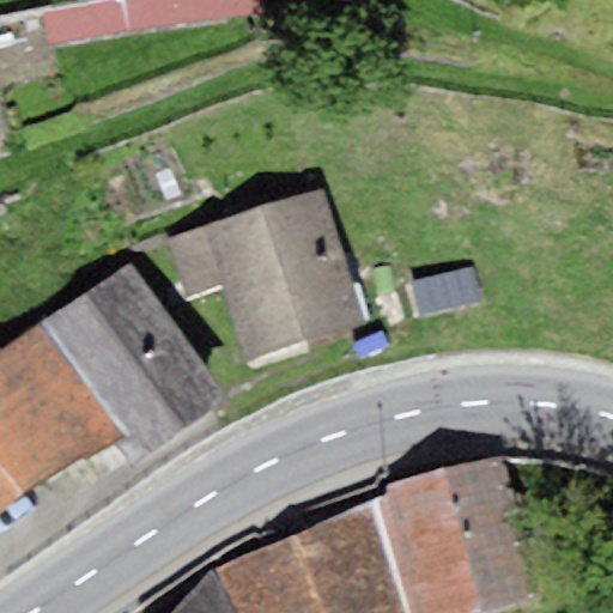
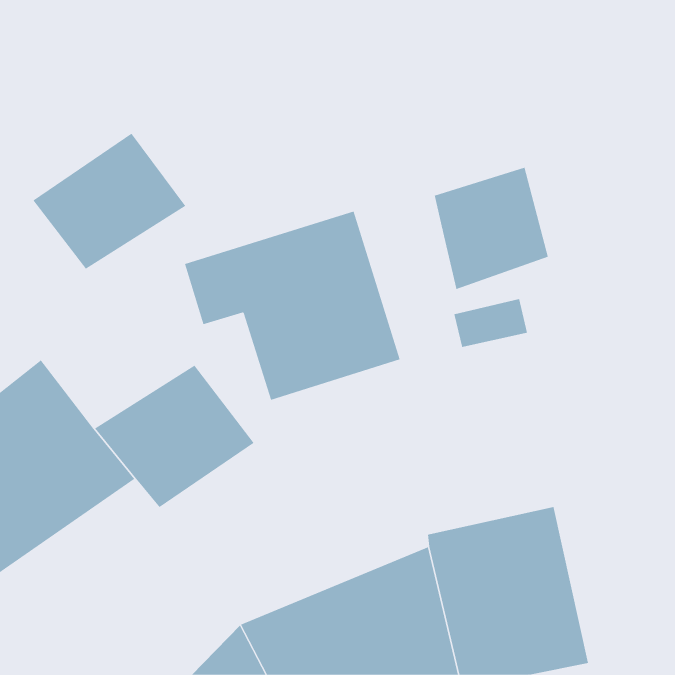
building: none -> [434,167,548,290]
building: [37,263,176,387] -> [32,133,186,270]

